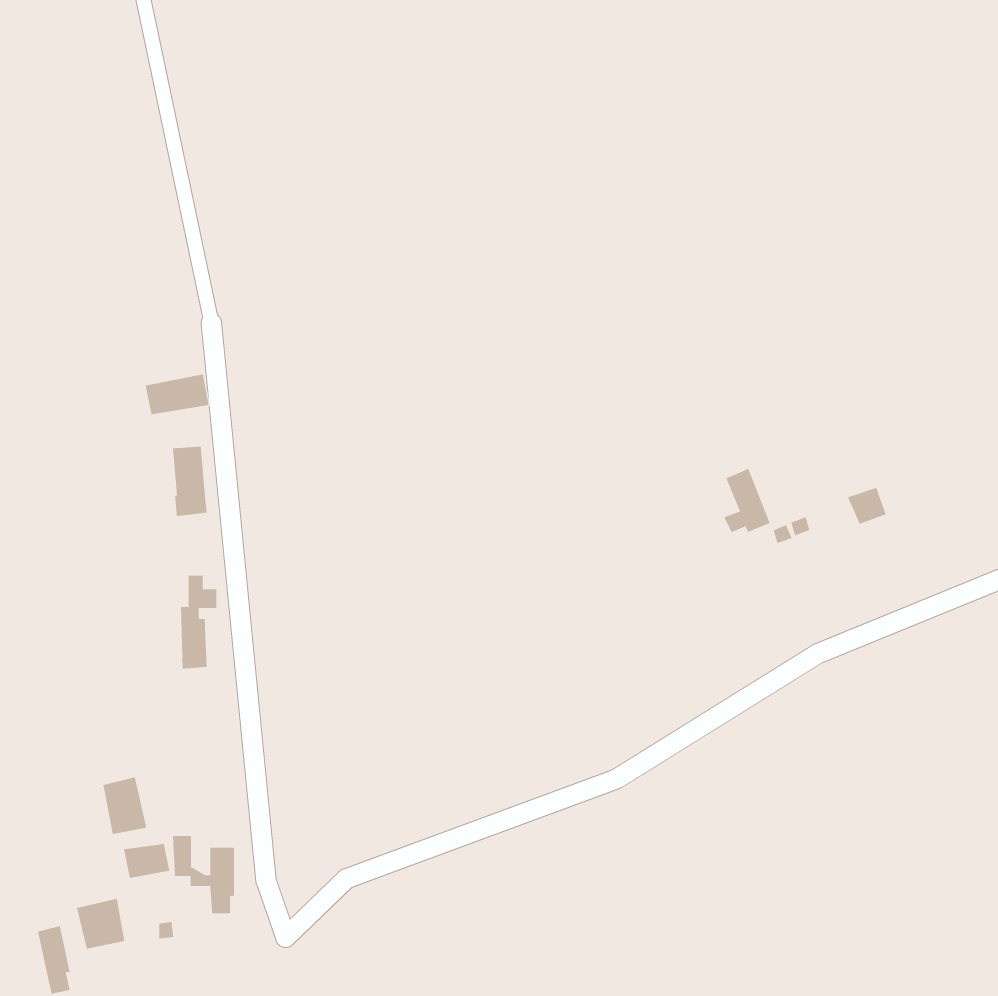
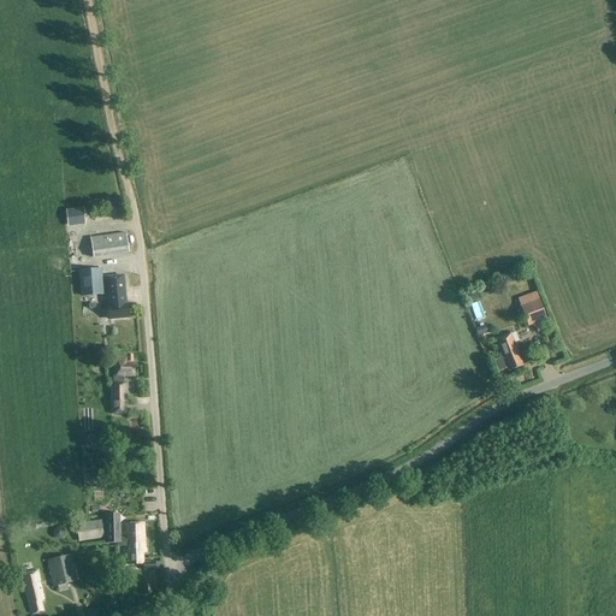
building: none -> [81,268,103,294]
building: [723,468,770,533] -> [496,331,525,371]
building: [103,777,147,835] -> none

